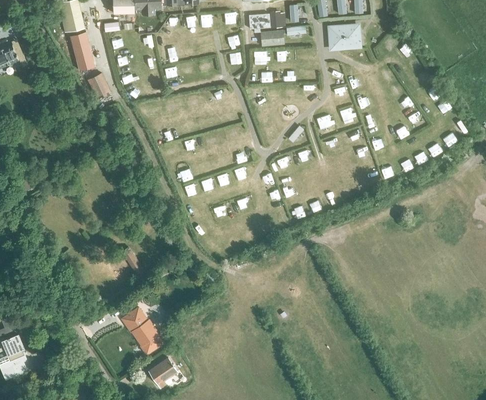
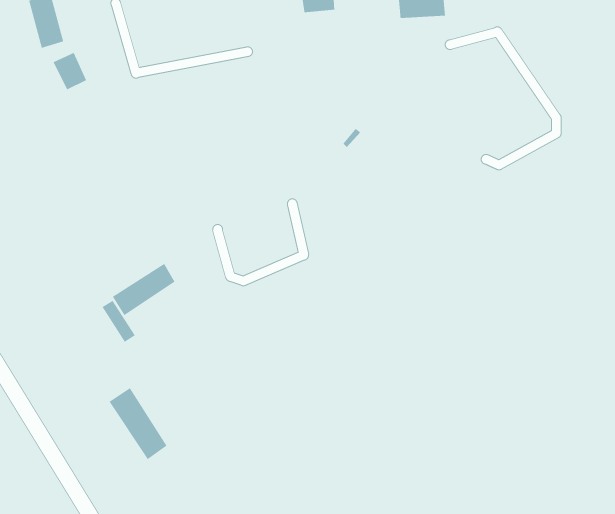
building: none -> [112,263,176,316]
building: [149,359,177,388] -> none

